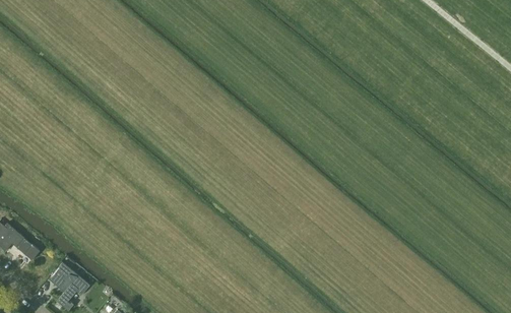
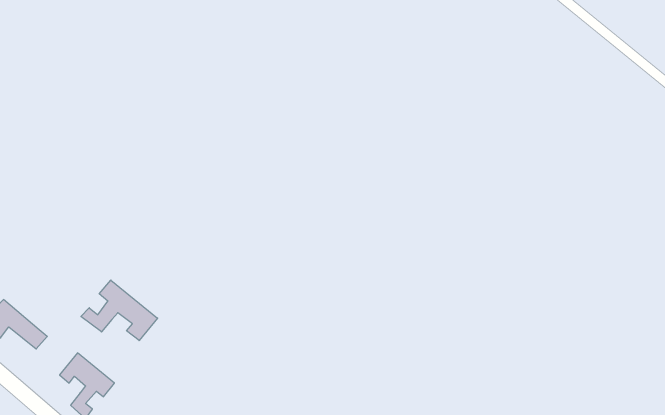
building: none -> [81,280,158,341]

